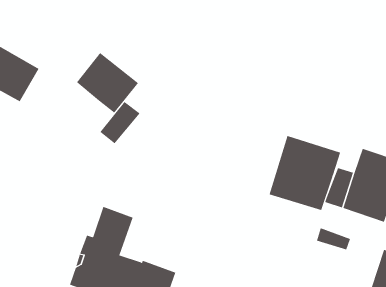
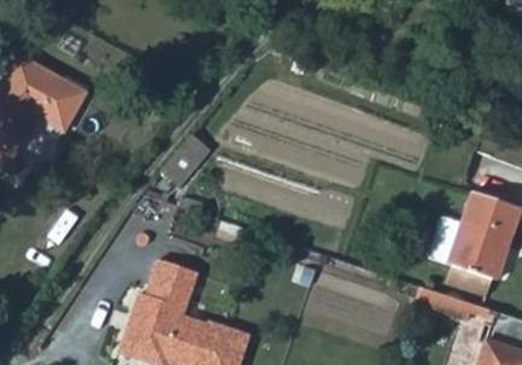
building: [76,52,139,114] -> none
building: [269,135,341,211] -> none

